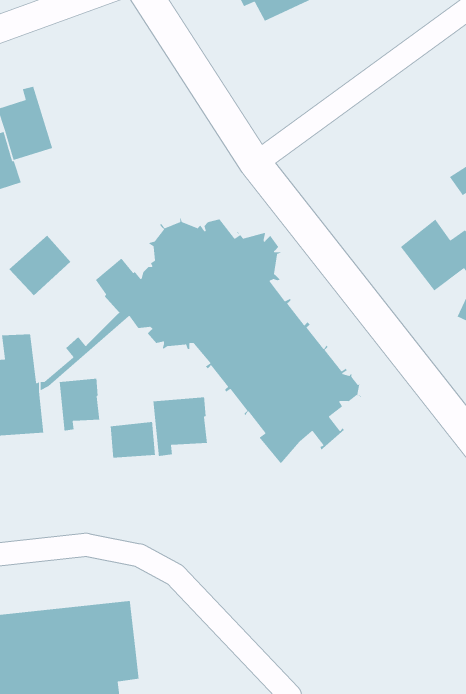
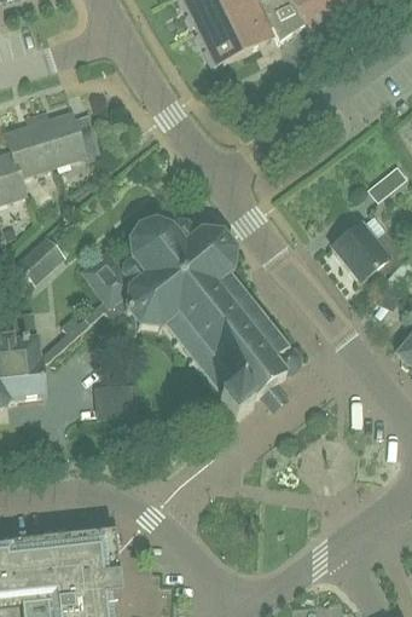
building: none -> [35,110,85,165]
building: [59,378,100,431] -> none
building: [153,396,208,457] -> none

